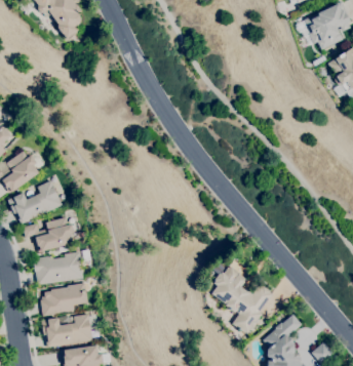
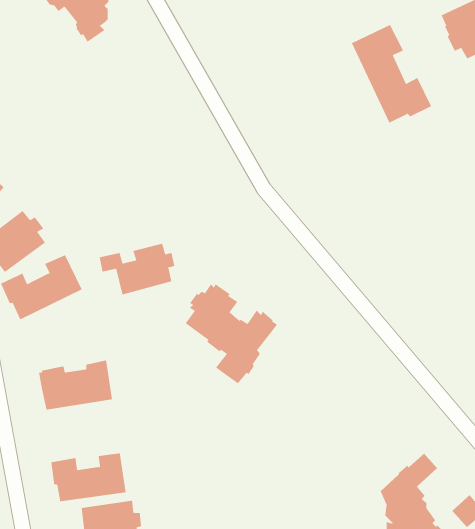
building: none -> [351,24,432,124]
building: [24,217,75,252] -> [99,243,175,295]
building: [211,267,274,334] -> [185,283,278,384]
building: [41,283,88,316] -> none

